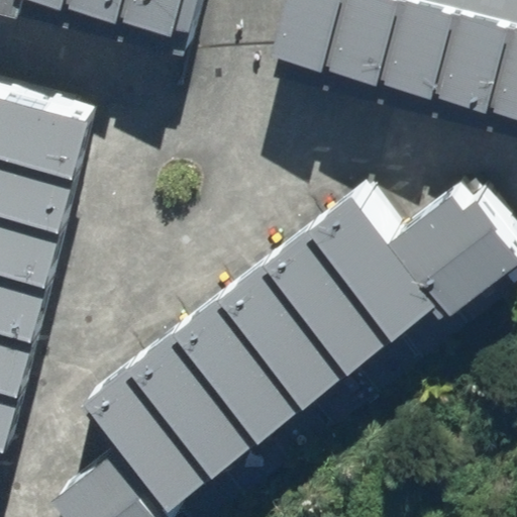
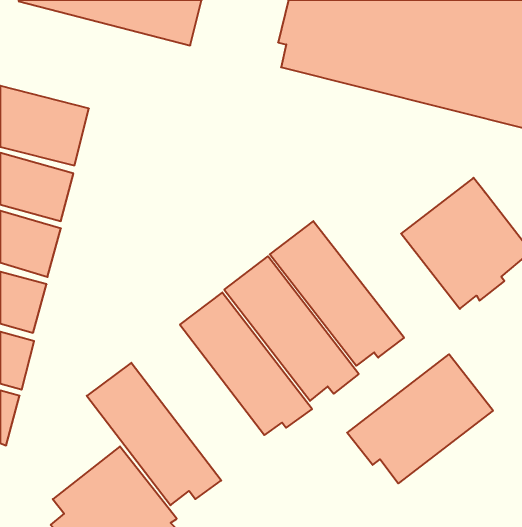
building: [315,183,441,324] -> none
building: [136,320,267,461] -> none
building: none -> [347,354,493,483]

